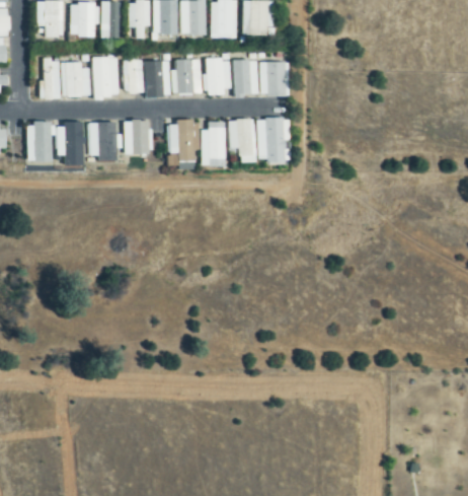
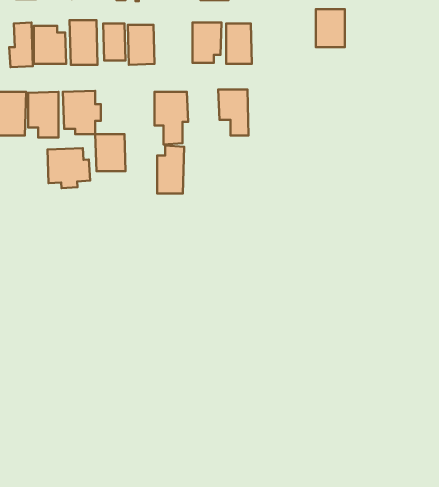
building: [171,59,202,94] -> none
building: [260,62,287,96] -> [316,9,345,47]
building: [256,119,290,162] -> none
building: [124,120,151,153] -> [95,134,126,171]
building: [202,122,226,165] -> [157,146,184,194]
building: none -> [48,148,90,188]

